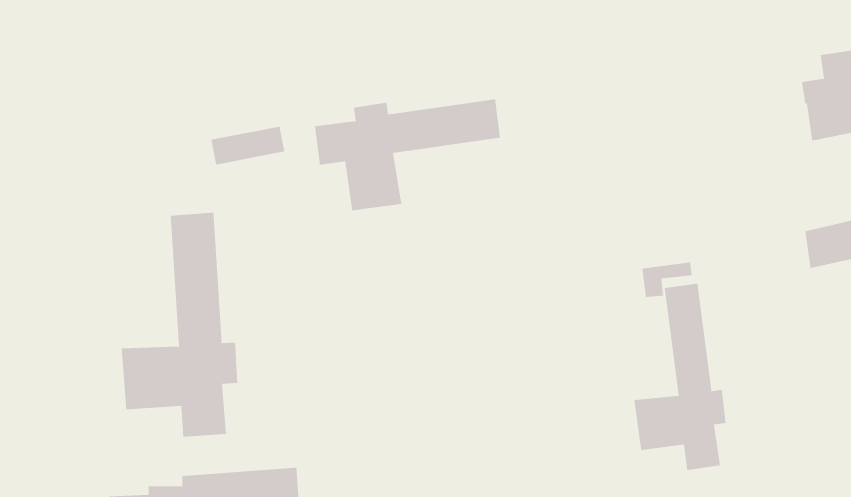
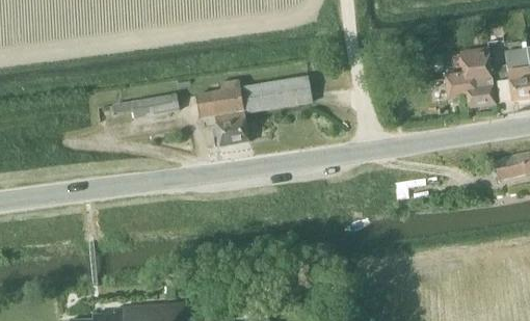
building: none -> [446,51,495,107]
building: [121,212,238,438] -> none
building: [634,283,726,471] -> none

